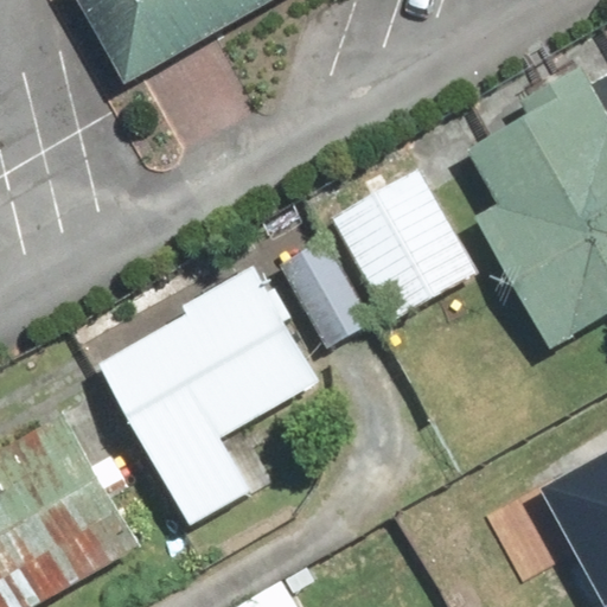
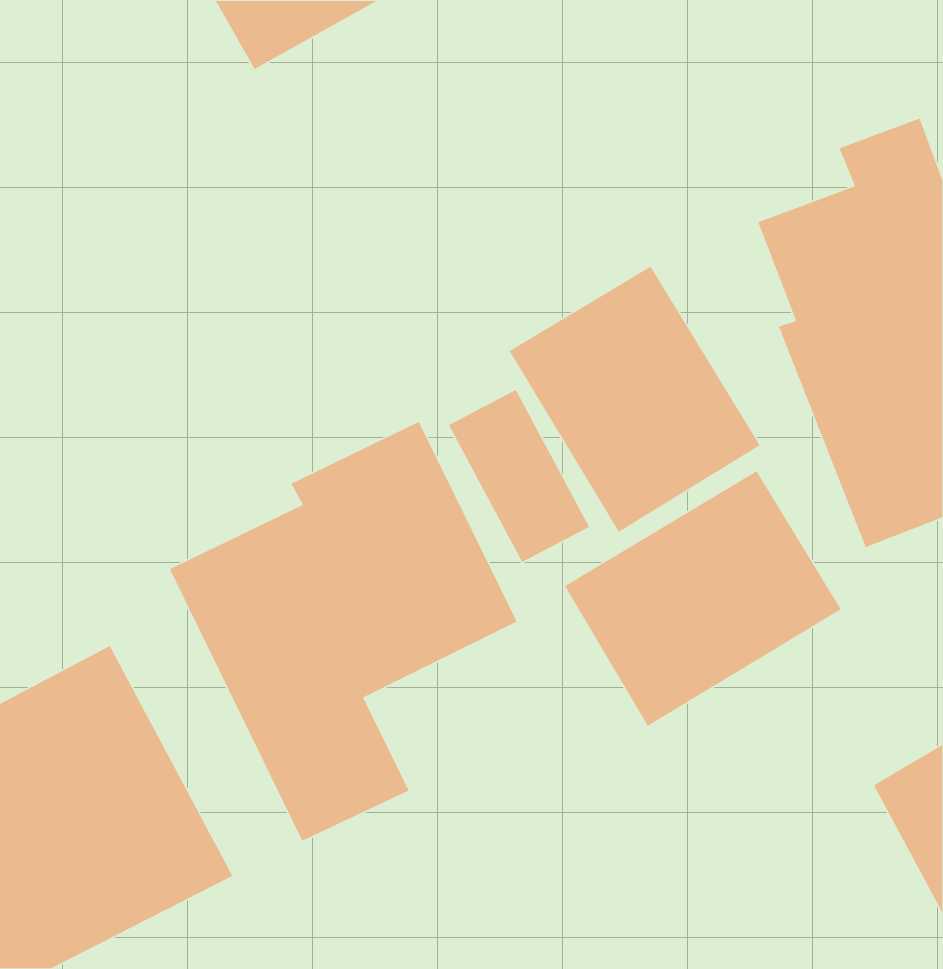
building: none -> [564,470,842,727]

